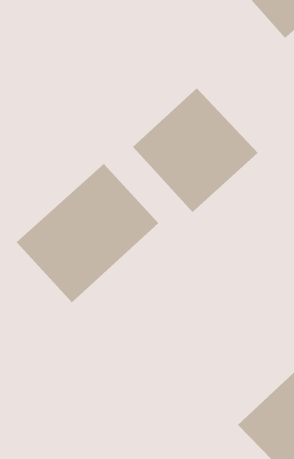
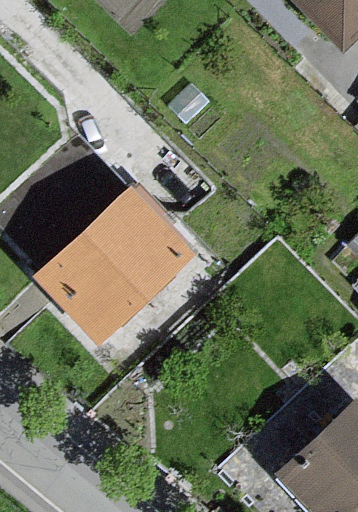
building: [132,88,259,213] -> none

